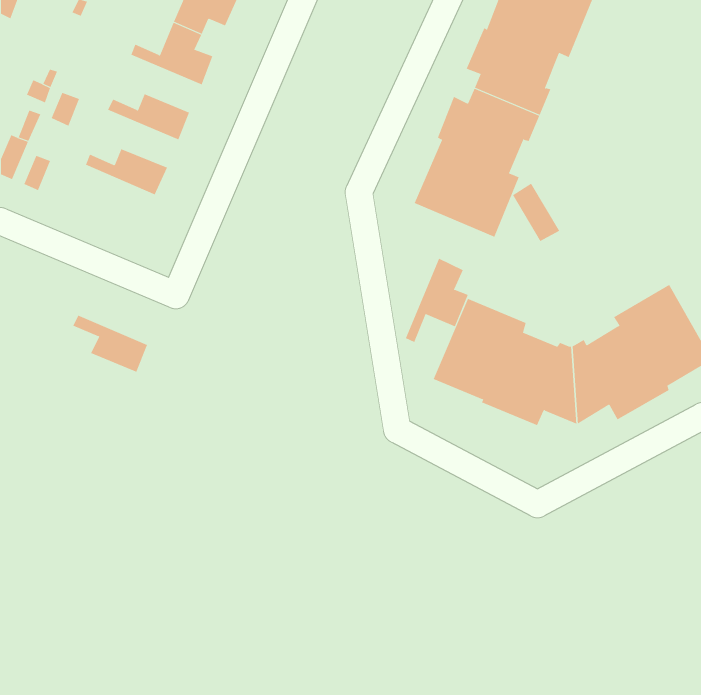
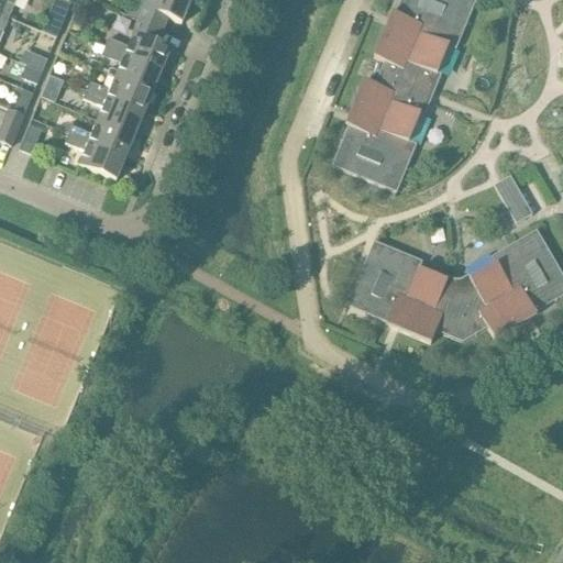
building: none -> [102,44,163,90]
building: none -> [84,88,144,134]
building: [512,183,560,242] -> [495,174,533,221]
building: [405,258,469,343] -> none
building: [72,315,148,372] -> [65,132,125,178]

